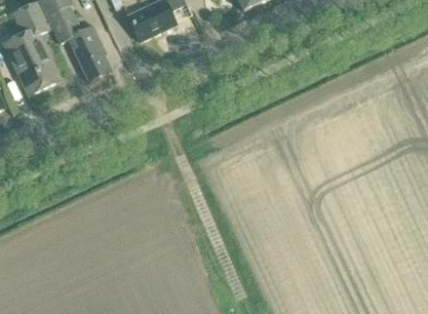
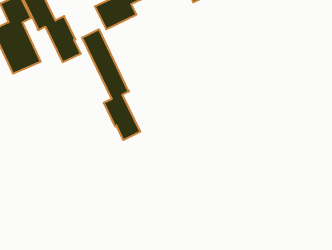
building: none -> [82,29,140,140]

